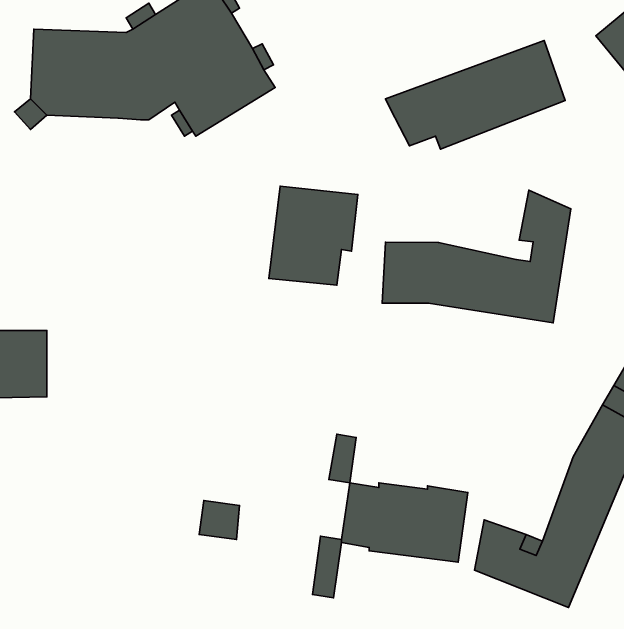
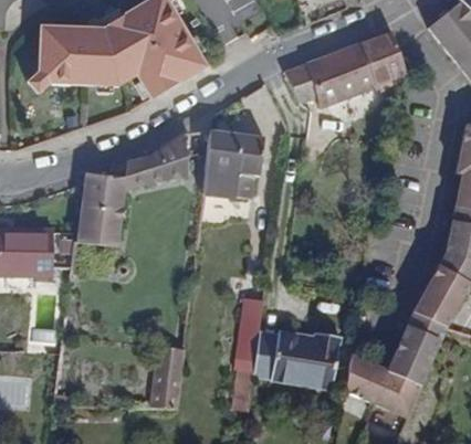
building: none -> [75,130,184,246]
building: [382,190,571,323] -> none
building: none -> [150,368,180,408]

